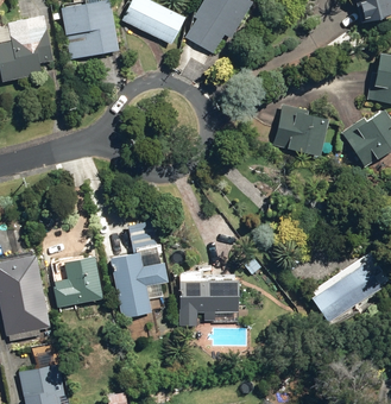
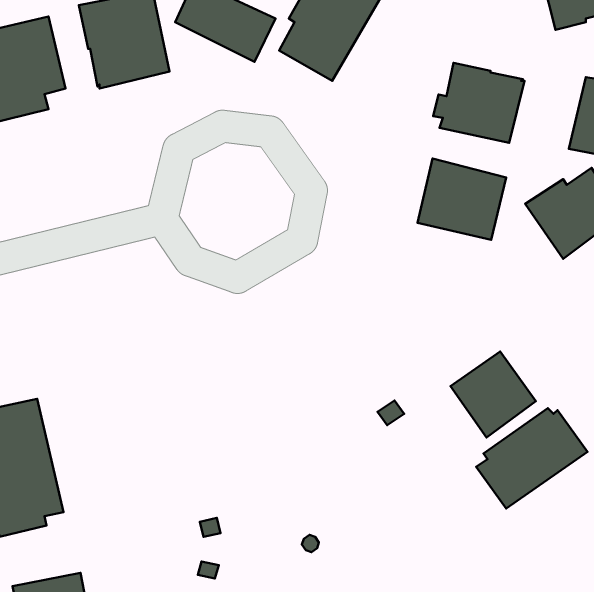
building: none -> [433,63,525,143]
building: [109,214,168,318] -> none
building: none -> [450,351,536,437]
building: [53,255,103,308] -> none
building: [181,273,238,326] -> none

